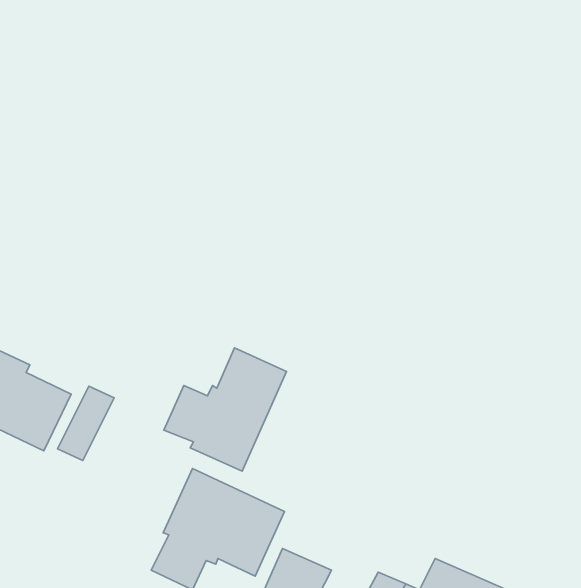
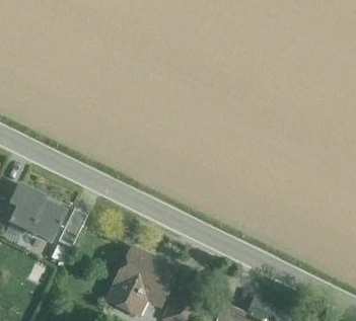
building: [164,348,286,471] -> none

